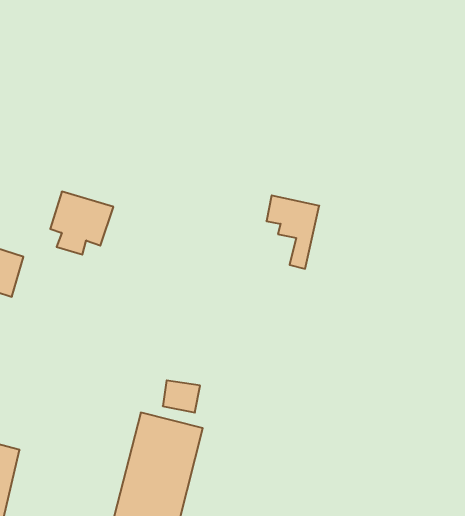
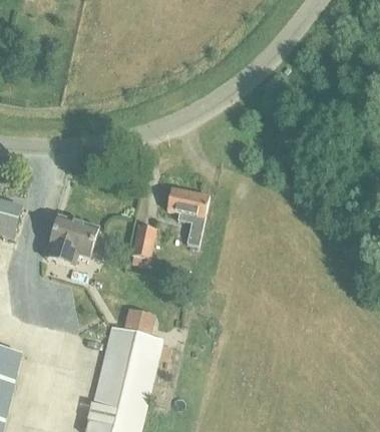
building: [50,192,113,255] -> [50,215,99,265]
building: [266,195,319,269] -> [168,188,210,246]
building: none -> [133,225,157,258]

